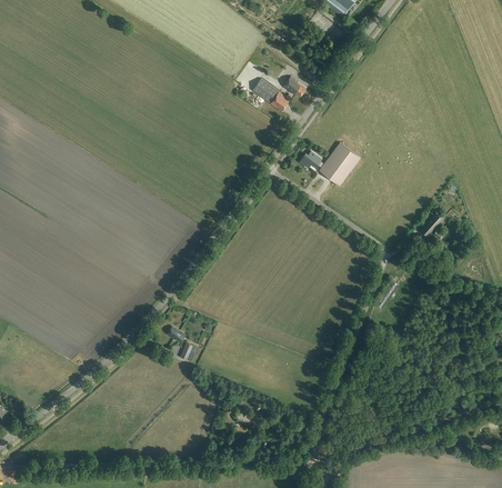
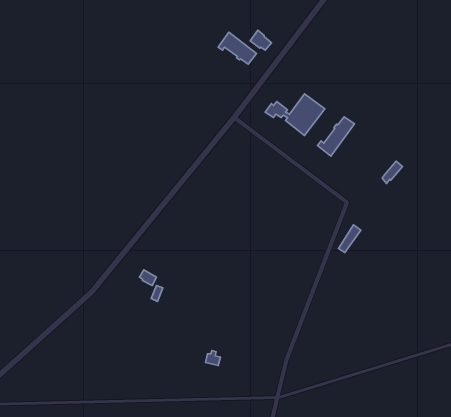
building: none -> [318,117,355,156]

